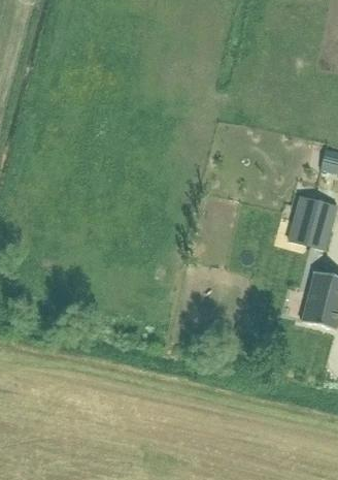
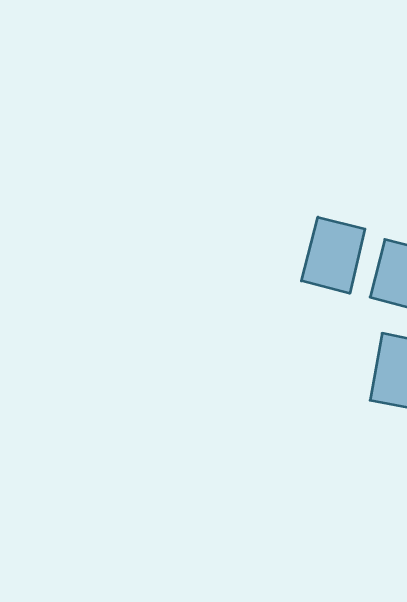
building: none -> [301,217,365,293]

